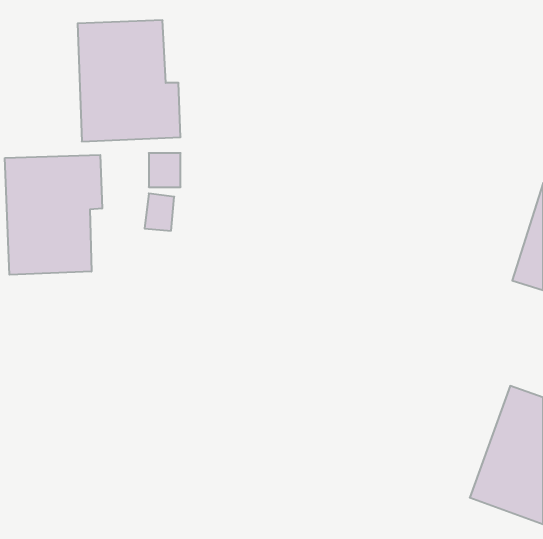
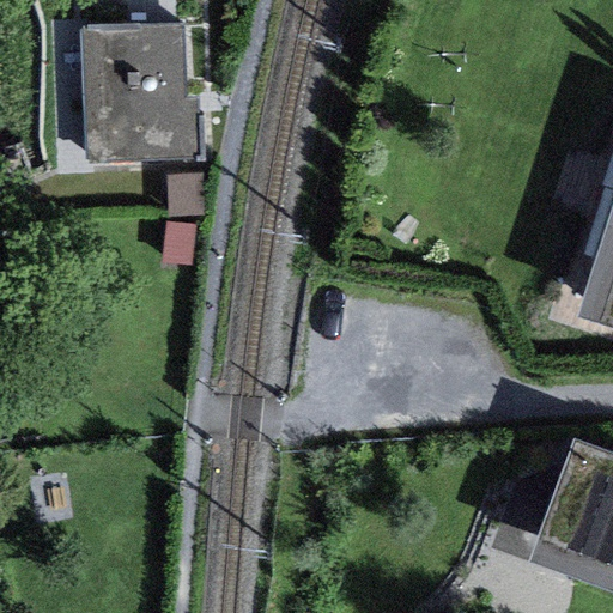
building: [5,155,102,275] -> none

